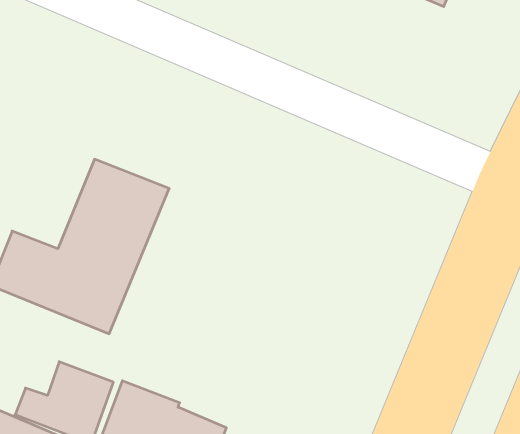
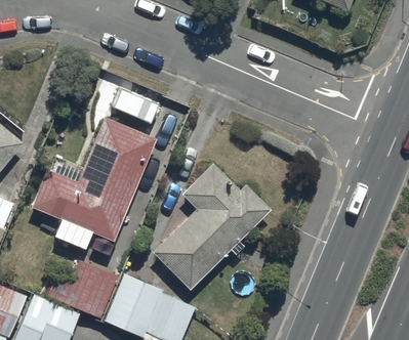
building: none -> [154,163,271,290]

